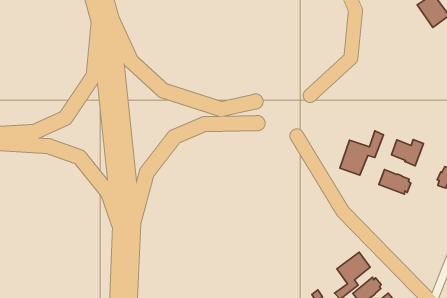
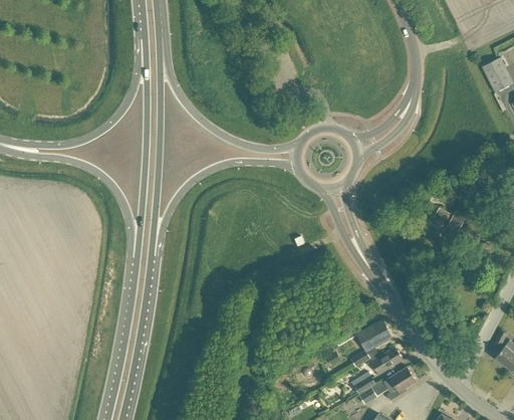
building: [340,131,383,175] -> none
building: [379,170,411,194] -> none

